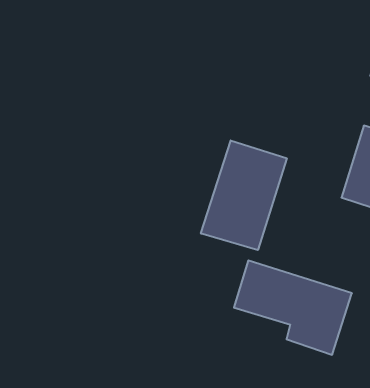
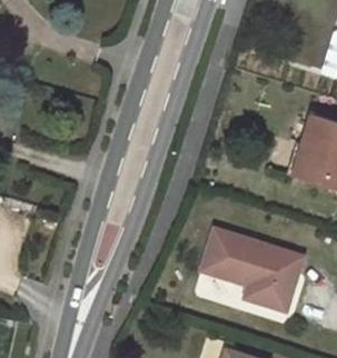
building: [201,140,287,250] -> none

